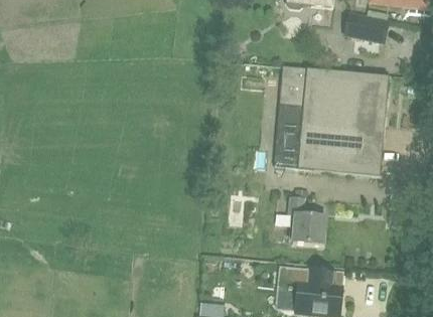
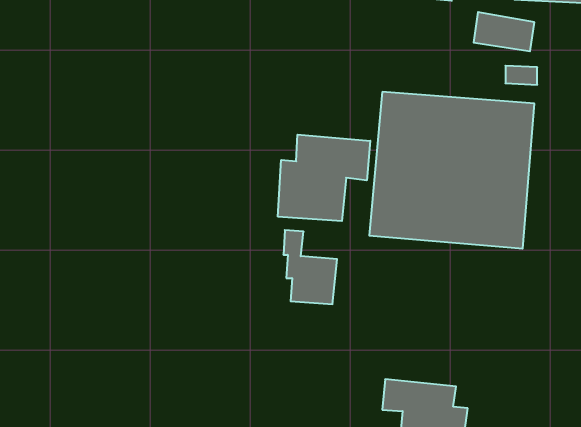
building: none -> [278,135,370,221]
building: [290,196,327,248] -> [283,230,337,304]

